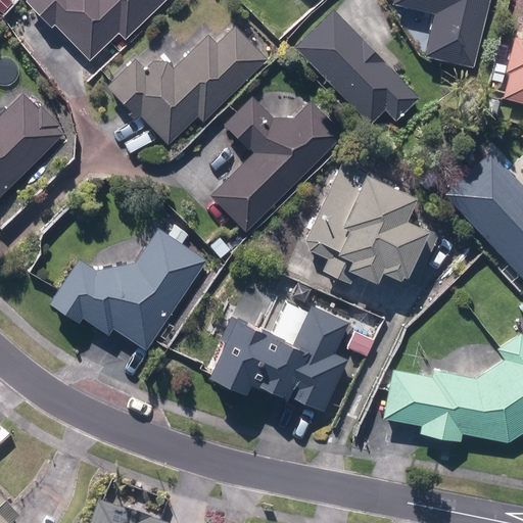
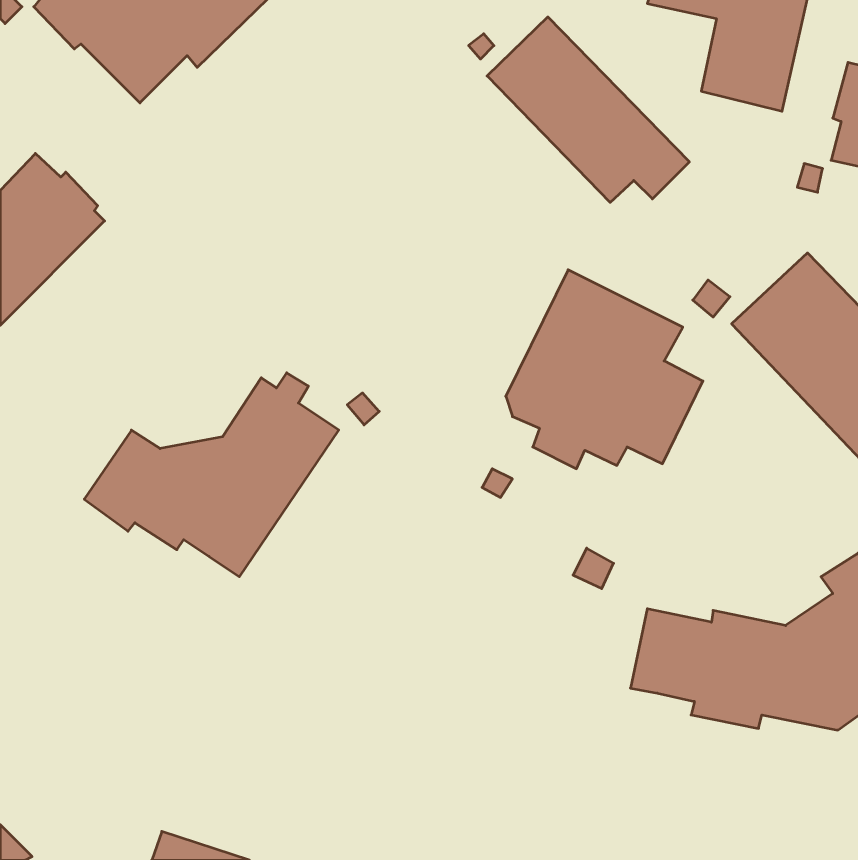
building: [103,28,266,145] -> none
building: [204,97,336,231] -> none
building: [211,303,349,411] -> none

